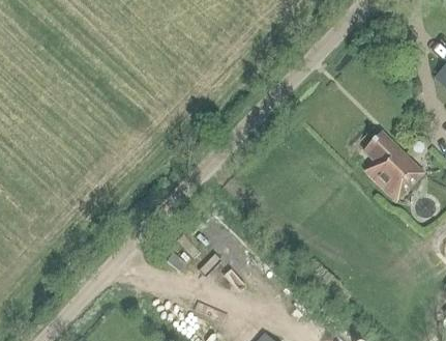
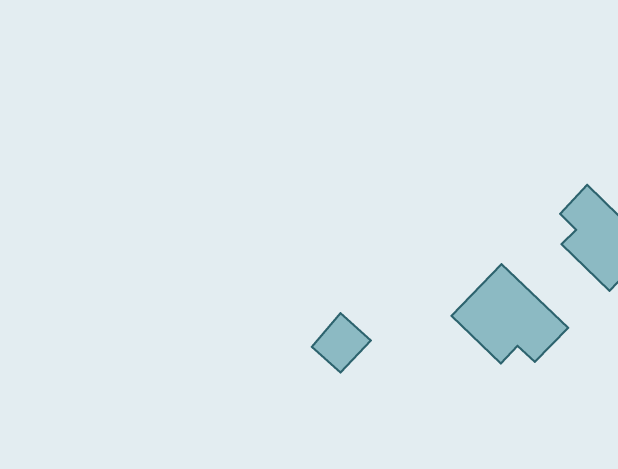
building: none -> [451,264,568,364]

